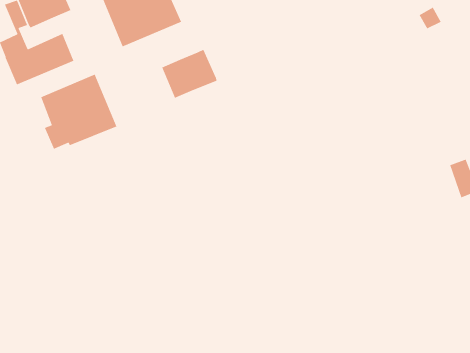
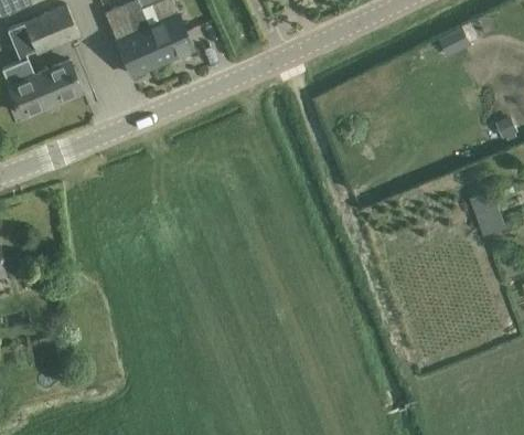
building: [161,49,218,99] -> none
building: [40,73,117,150] -> none

